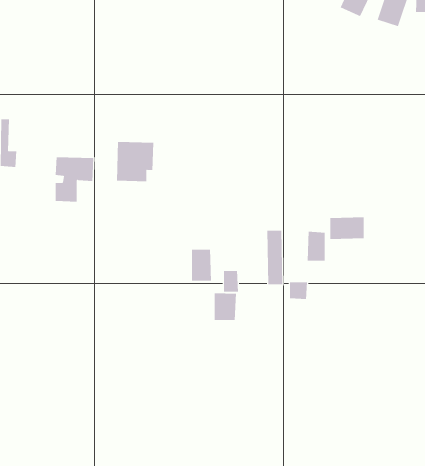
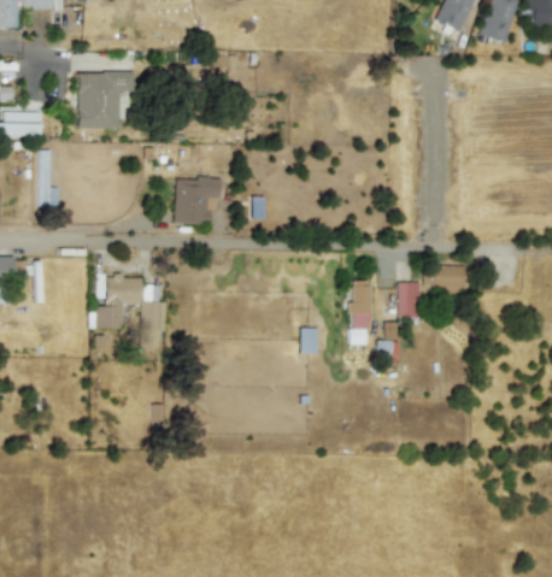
building: none -> [78,72,135,129]
building: [55,157,94,202] -> [96,276,142,329]
building: [192,249,211,282] -> none
building: [214,292,237,321] -> none

